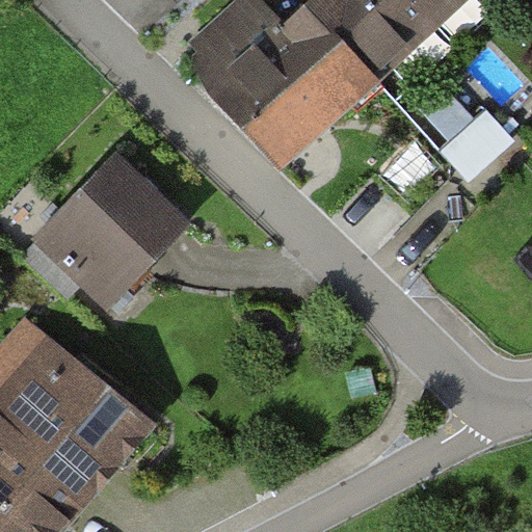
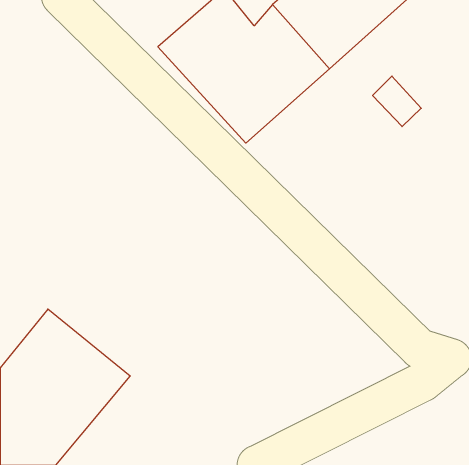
building: [29,155,190,315] -> none

